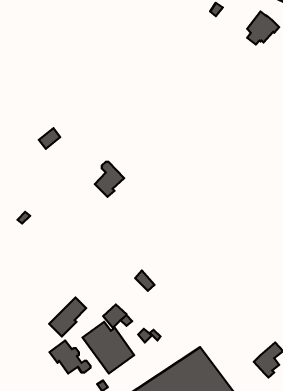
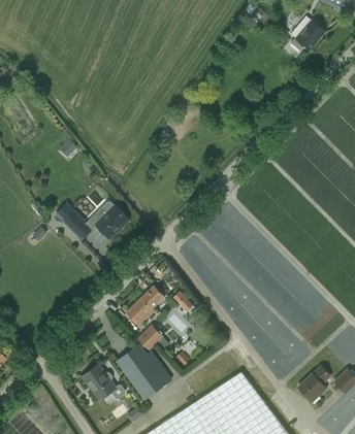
building: [95,162,124,197] -> [96,201,127,238]
building: none -> [55,202,92,239]
building: [49,298,86,337] -> [126,285,165,326]

